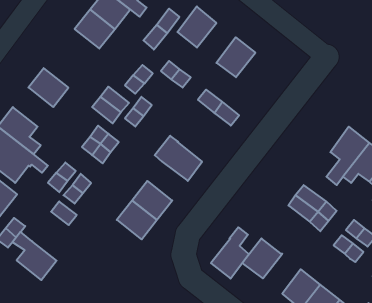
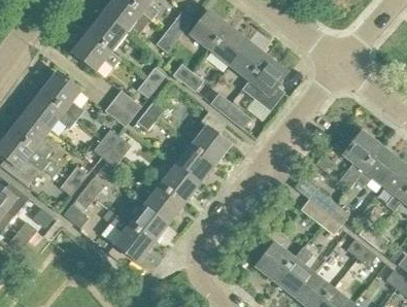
building: none -> [209,25,248,65]
building: none -> [71,31,121,70]
building: none -> [243,55,287,107]
building: none -> [25,90,76,129]
building: none -> [190,110,231,164]
building: none -> [160,164,200,203]
building: [211,227,249,279] -> [275,245,313,297]
building: [12,232,57,280] -> [109,213,154,262]

